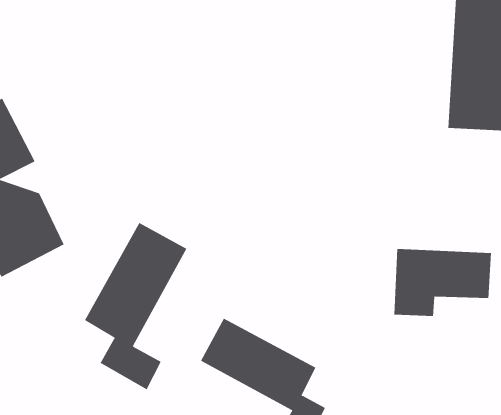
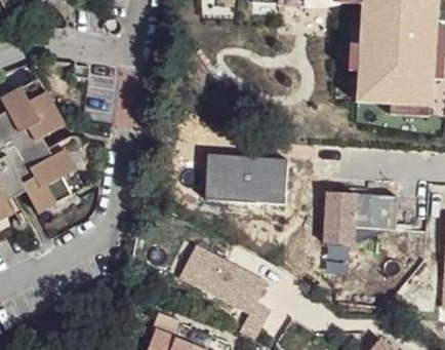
building: none -> [206,152,290,202]
building: [84,222,187,390] -> none

